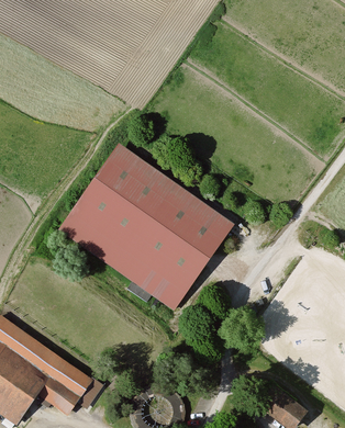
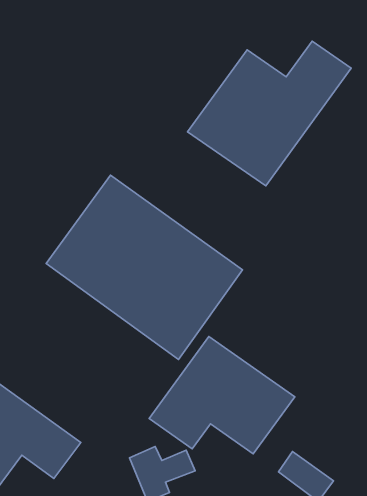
building: none -> [188,41,351,186]
building: none -> [149,337,295,454]

